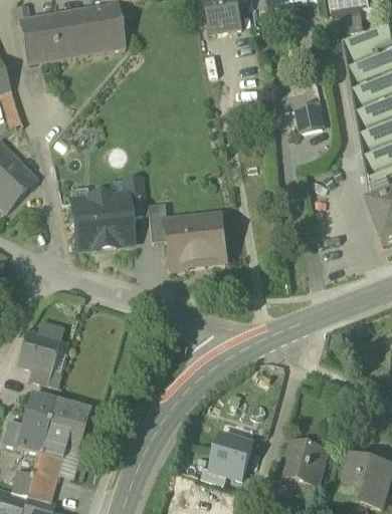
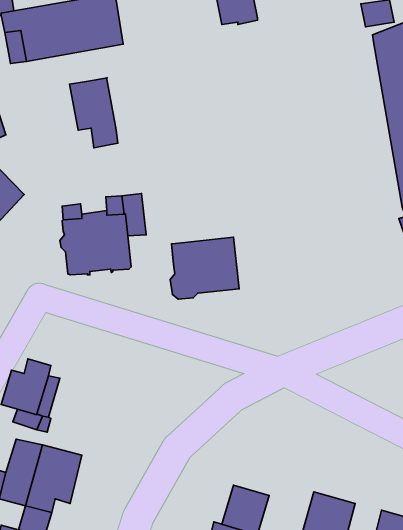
building: none -> [70,78,118,148]
building: [298,101,324,131] -> none
building: [148,203,169,241] -> none

